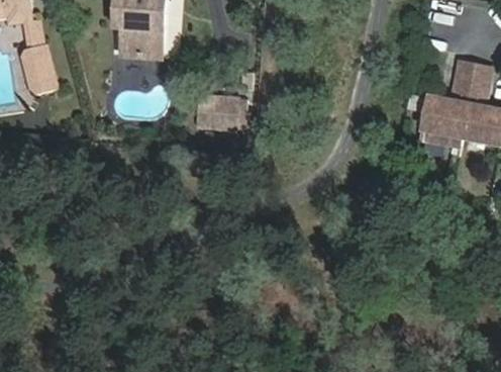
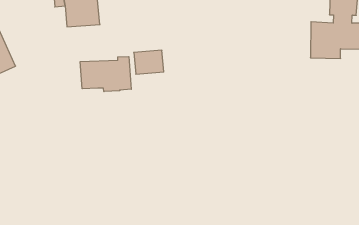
building: none -> [80,57,131,92]

